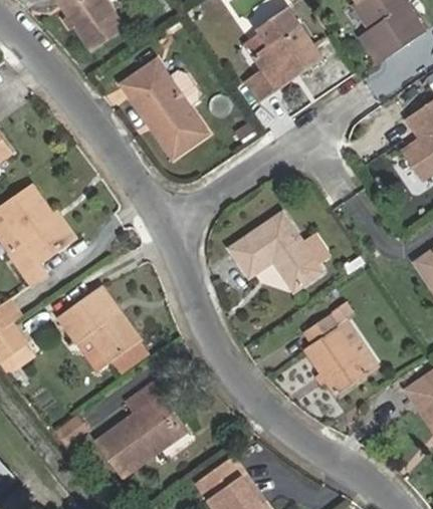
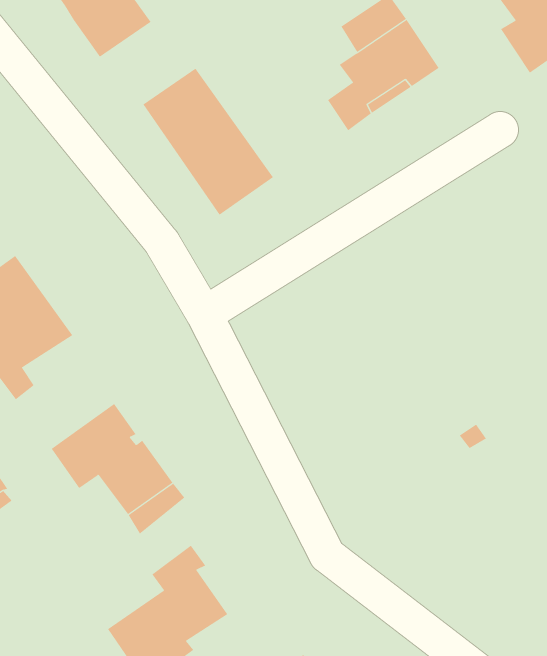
building: [229,212,322,290] -> none
building: [301,311,372,395] -> none

